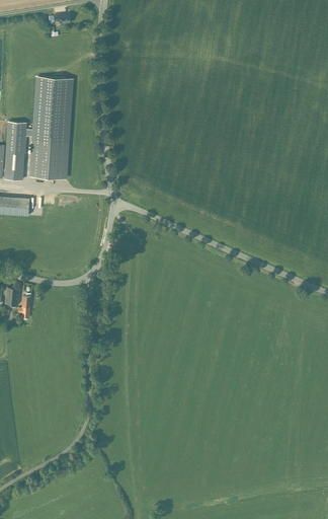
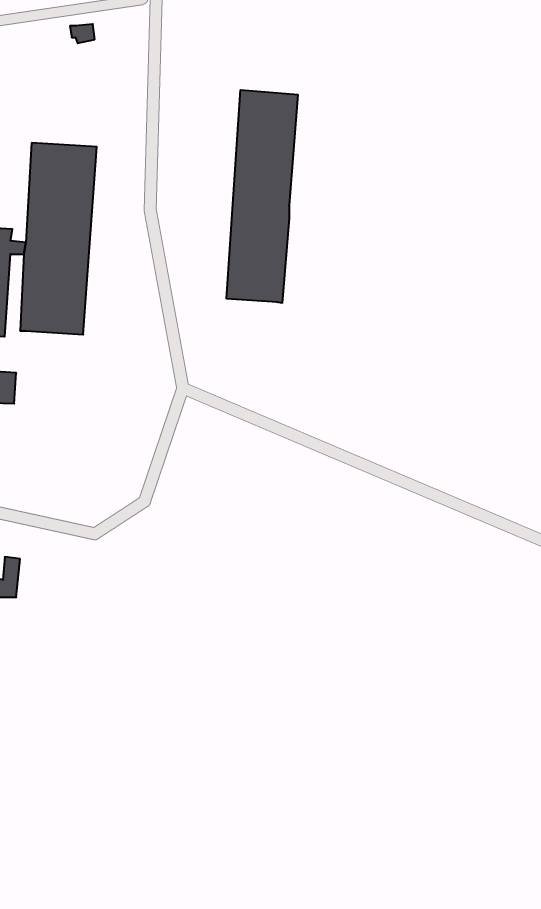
building: none -> [227,90,298,303]

